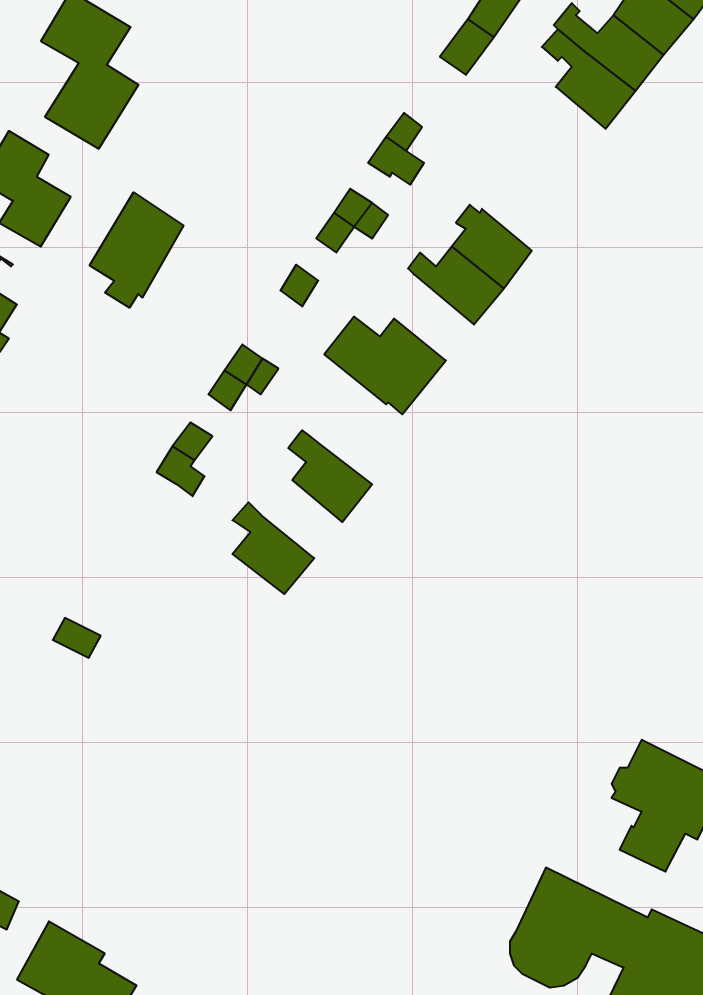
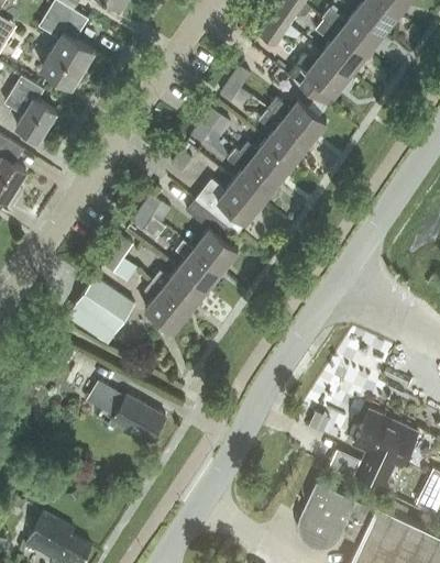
building: none -> [287,53,350,108]
building: none -> [266,98,326,143]
building: [90,192,184,308] -> none
building: none -> [227,148,277,203]
building: none -> [186,200,238,272]
building: none -> [153,269,205,312]
building: none -> [75,278,134,333]
building: none -> [87,385,165,443]

